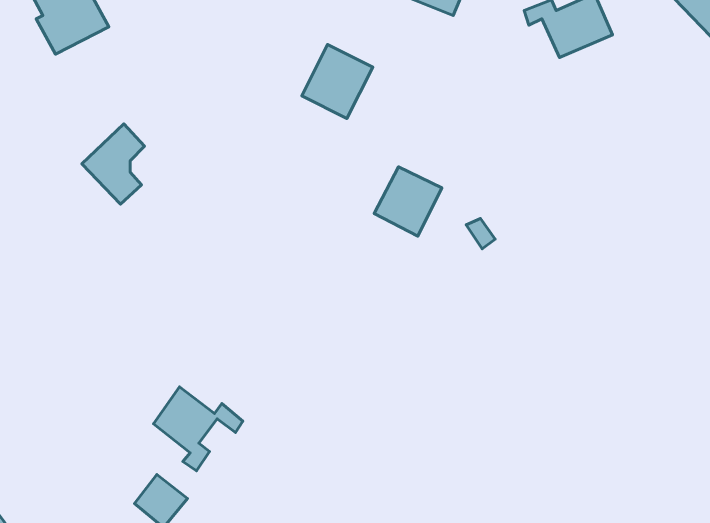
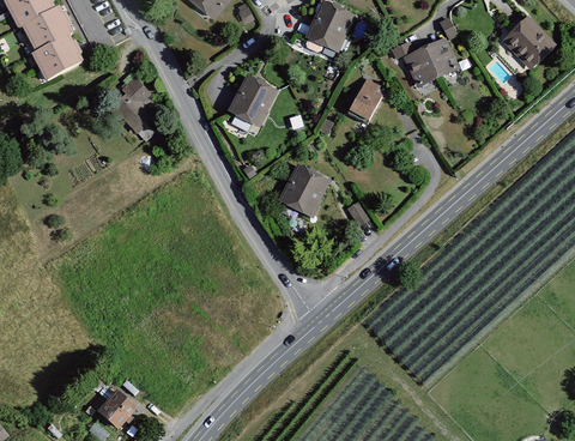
building: none -> [346,75,382,123]
building: [82,124,145,204] -> [108,75,155,135]
building: [154,387,243,471] -> none

